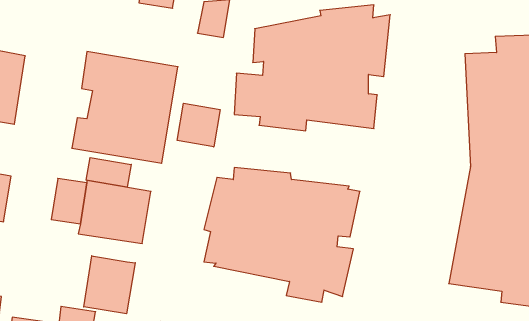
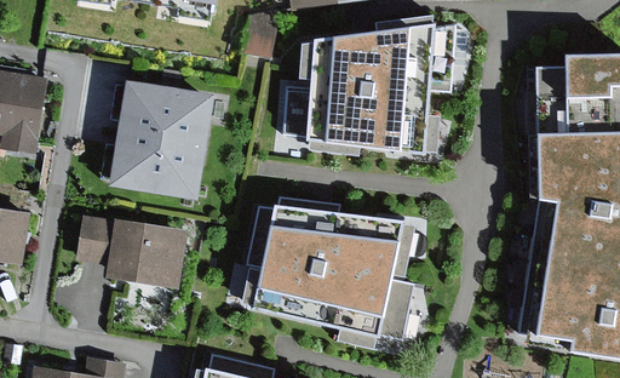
building: [177,103,220,147] -> none
building: [86,158,131,187] -> none
building: [84,256,135,314] -> none

